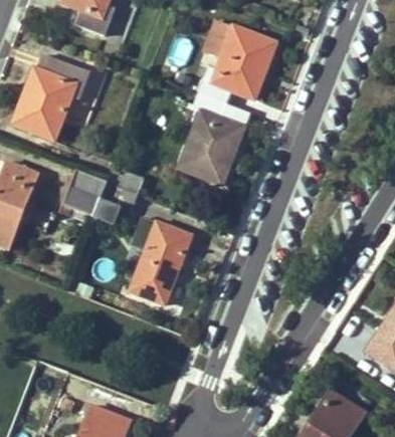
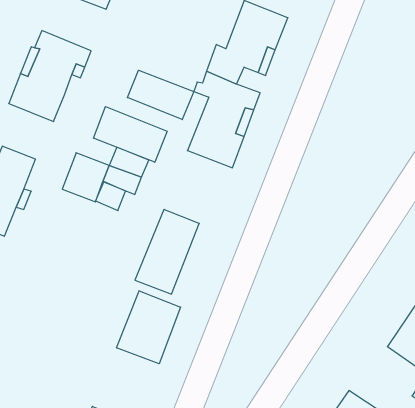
building: none -> [127,70,194,120]
building: none -> [94,107,167,162]
building: none -> [117,291,181,364]

